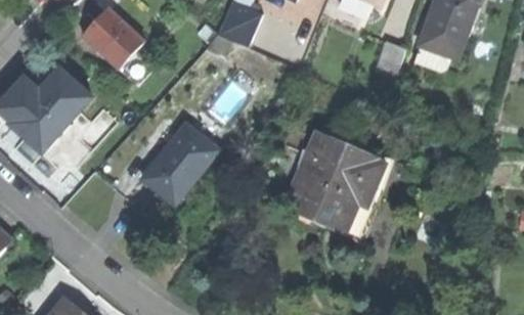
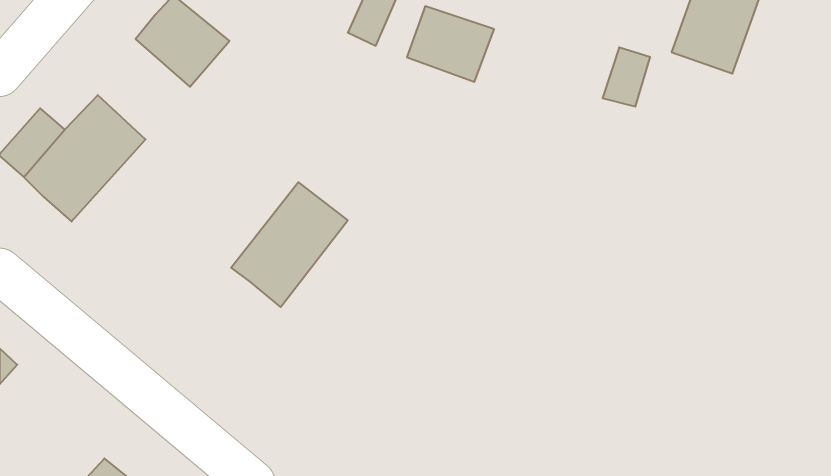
building: [291,131,385,226] -> none

